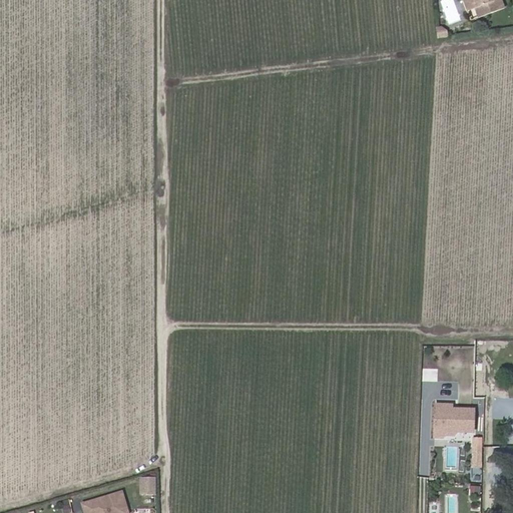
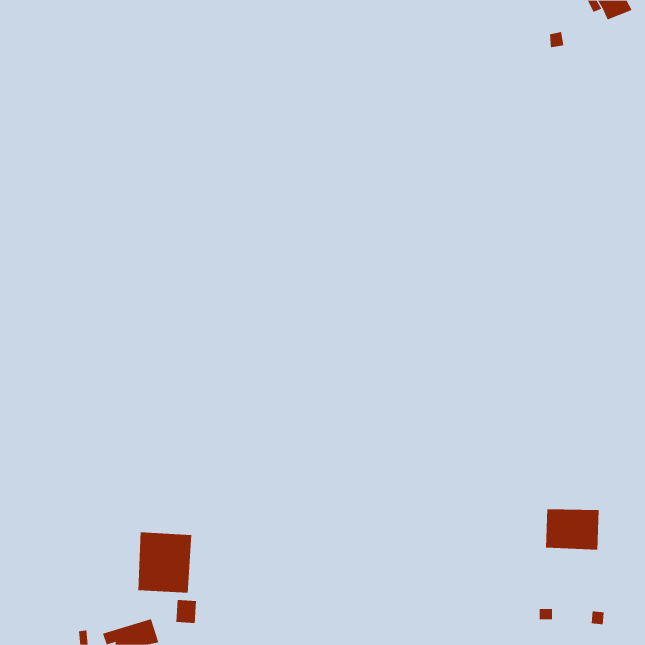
building: none -> [138,531,192,594]

